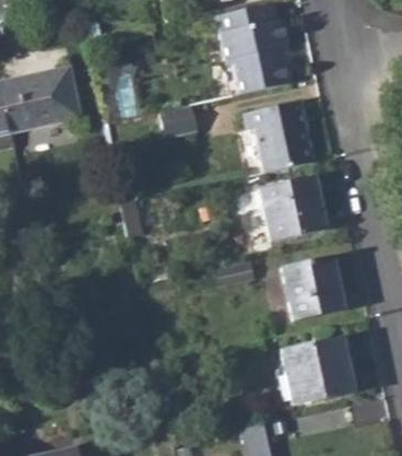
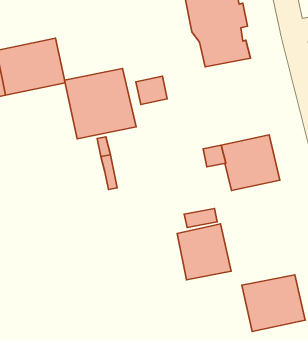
building: none -> [65,69,136,139]
building: [245,102,312,173] -> none
building: [283,256,345,320] -> [177,224,231,280]

